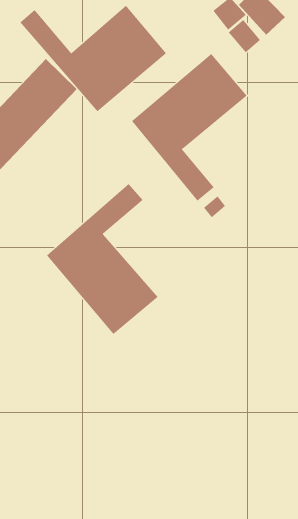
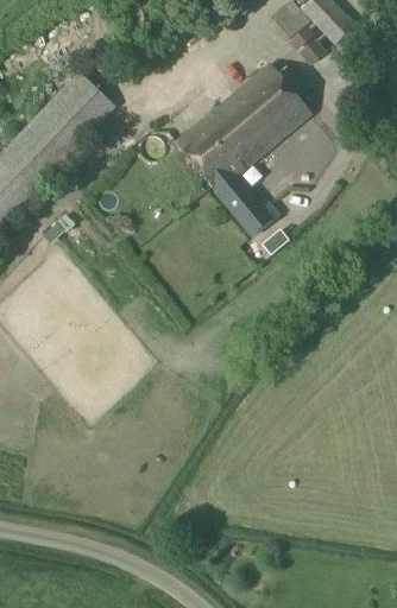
building: [20,5,167,112] -> none
building: [46,183,158,335] -> none

